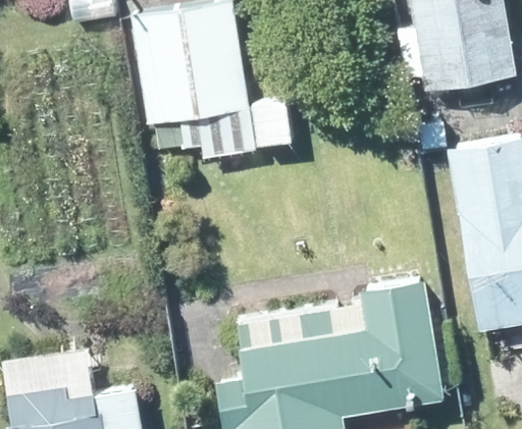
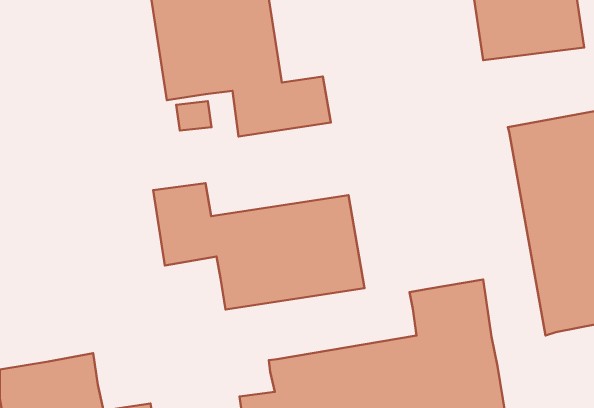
building: none -> [153,183,364,310]

